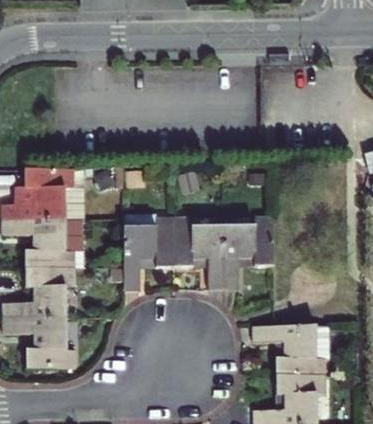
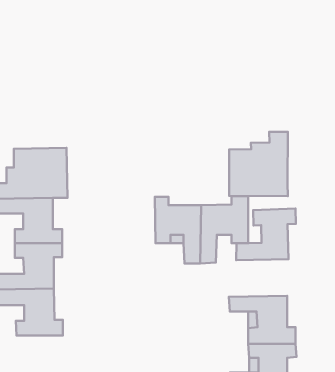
building: none -> [229,132,288,196]
building: [124,218,175,291] -> none
building: none -> [236,209,296,260]

